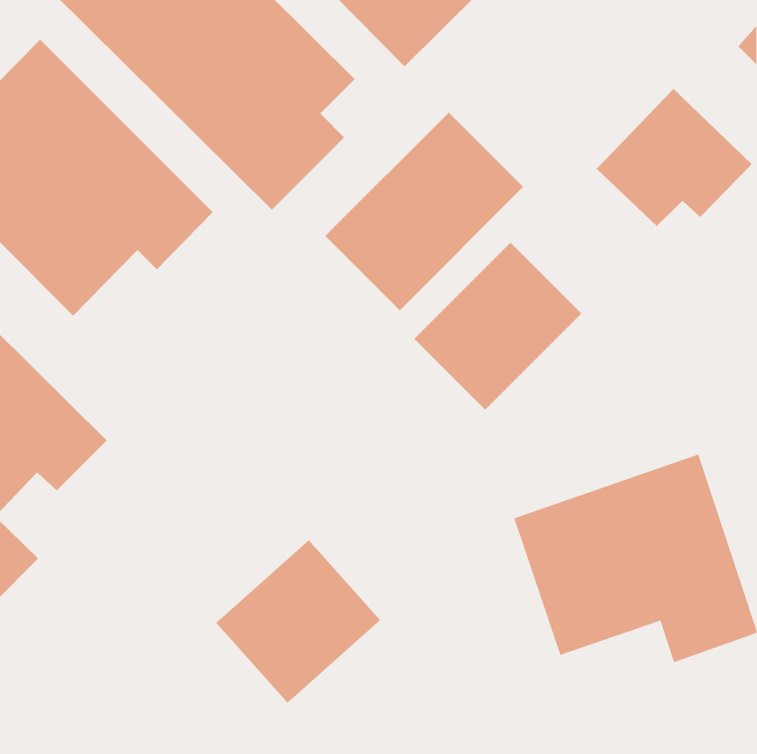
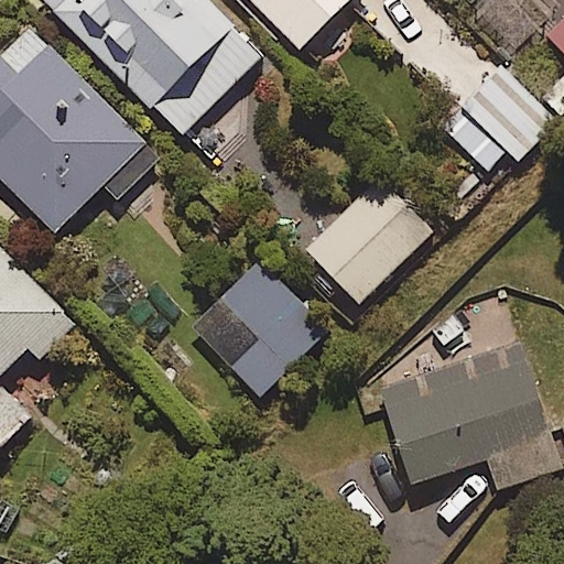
building: [325,112,524,311] -> none
building: none -> [193,262,325,394]
building: [216,539,381,703] -> none

